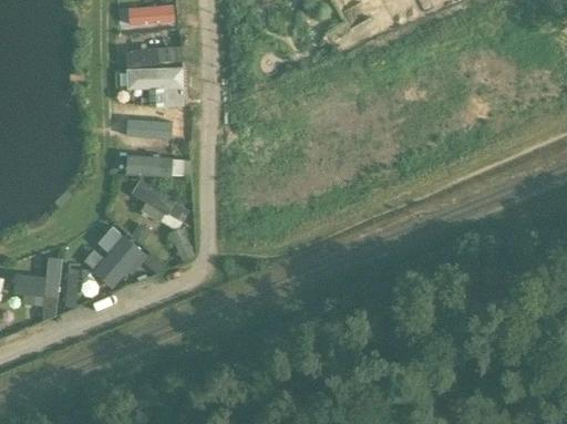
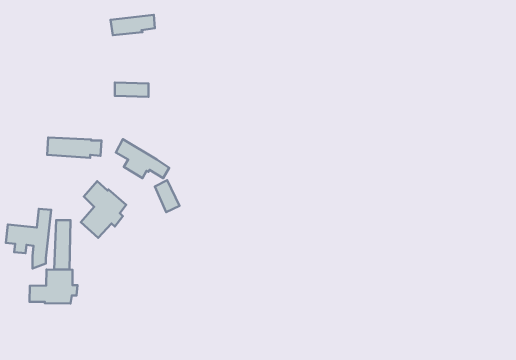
building: [125,66,184,106] -> none
building: [125,156,184,178] -> [47,137,102,158]
building: none -> [29,269,77,304]

